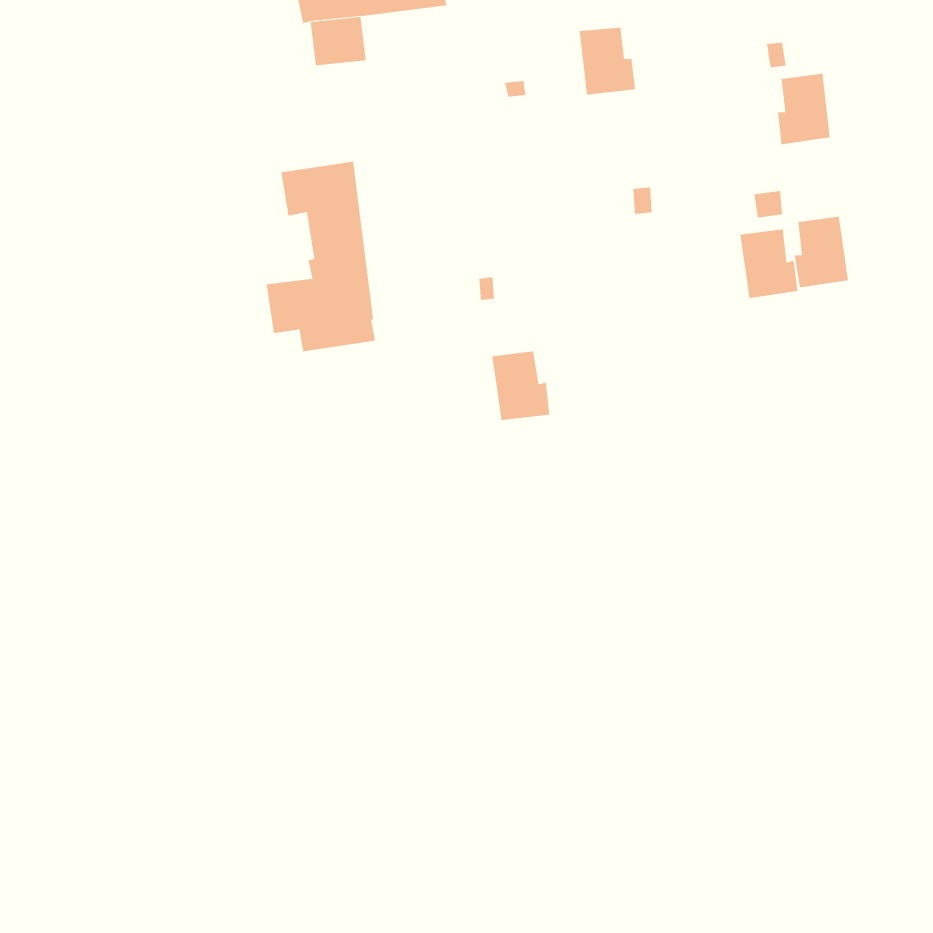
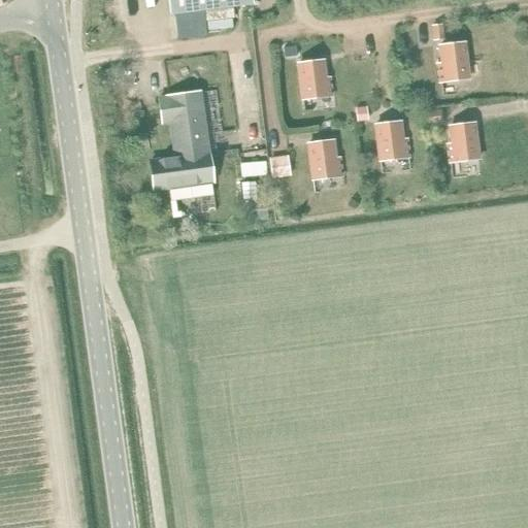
building: [579,27,636,95] -> [300,60,332,98]
building: [740,229,798,299] -> [376,121,409,160]
building: [492,351,550,420] -> [309,139,342,178]

